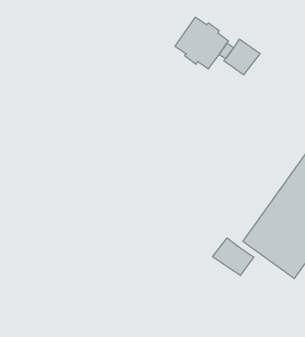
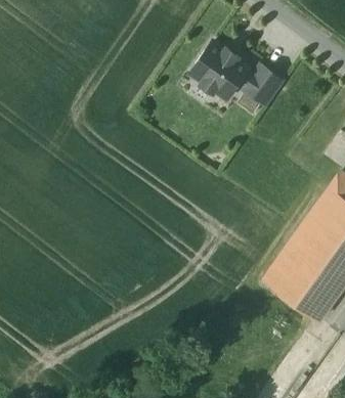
building: [213,238,254,276] -> none

